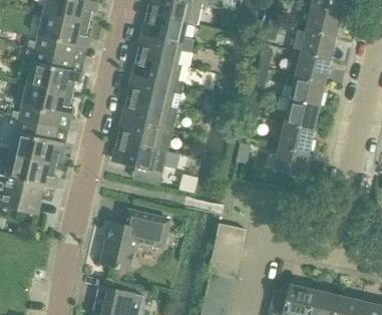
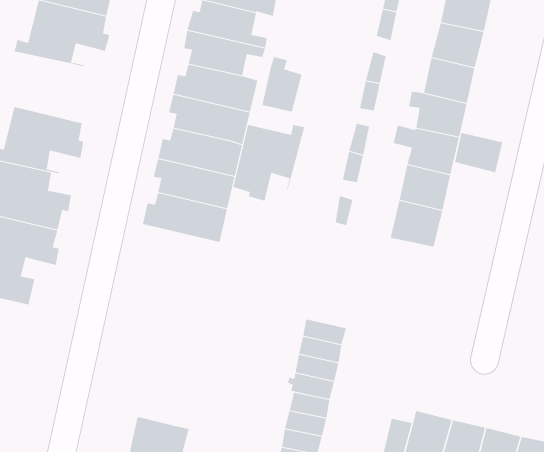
building: [26,48,81,95] -> none
building: none -> [262,56,302,113]
building: none -> [233,124,305,202]
building: none -> [454,132,503,173]
building: [100,211,169,270] -> none

